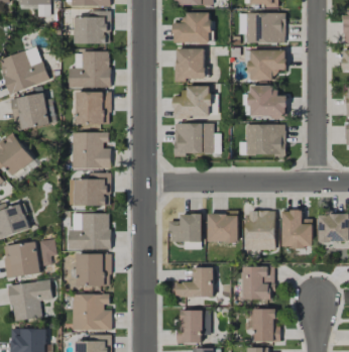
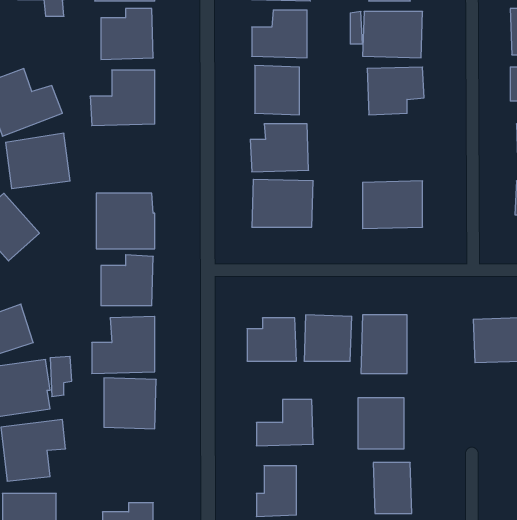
building: [250,86,286,118] -> none
building: [76,92,110,124] -> none
building: [282,210,313,248] -> none
building: [72,294,112,331] -> none

